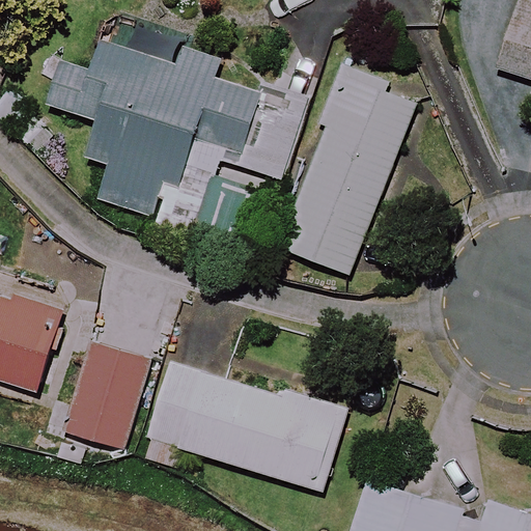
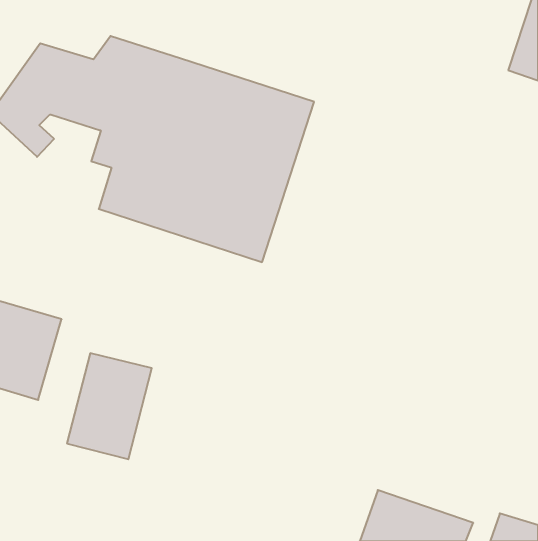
building: [278,68,416,274] -> none
building: [148,362,344,488] -> none

